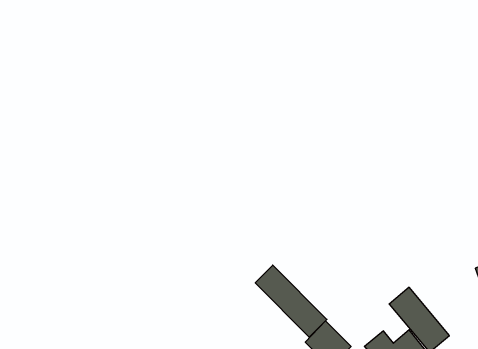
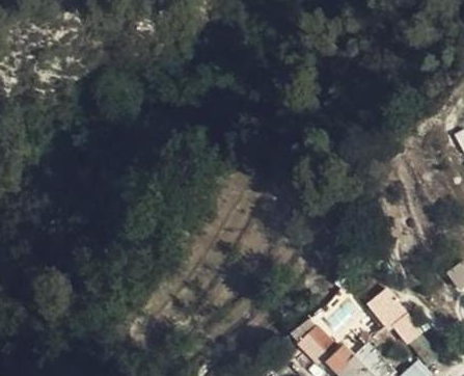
building: [255,265,327,337] -> none

